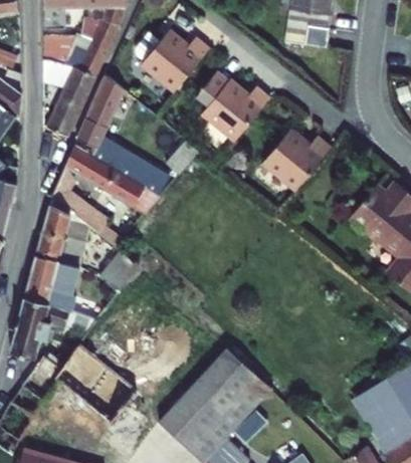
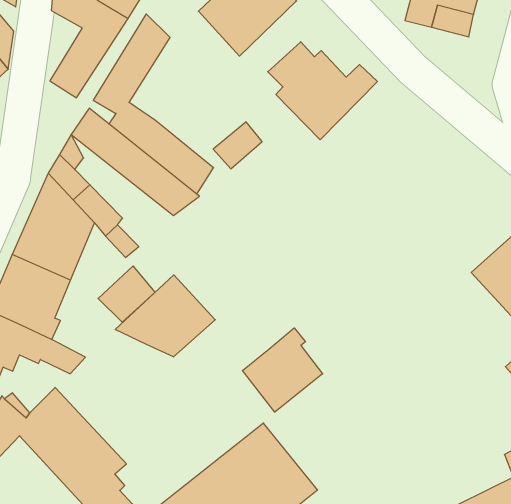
building: [265,129,335,189] -> none
building: none -> [115,275,215,357]
building: none -> [242,328,323,412]

